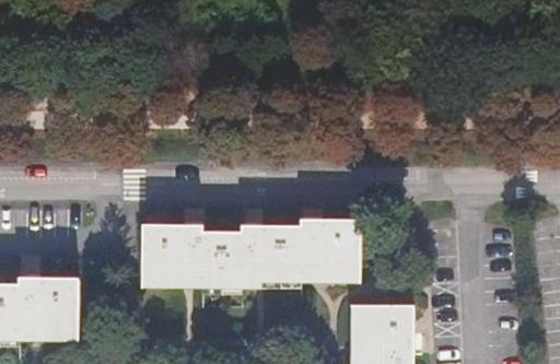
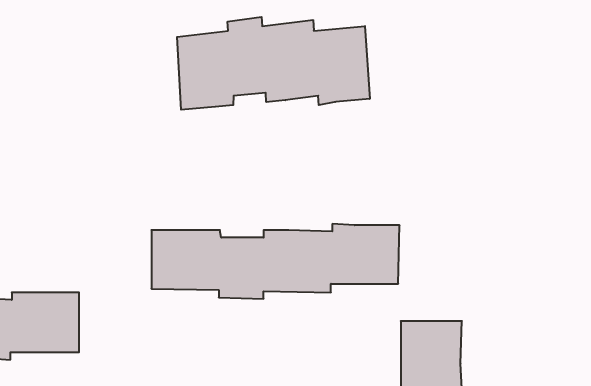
building: none -> [177,17,370,110]

